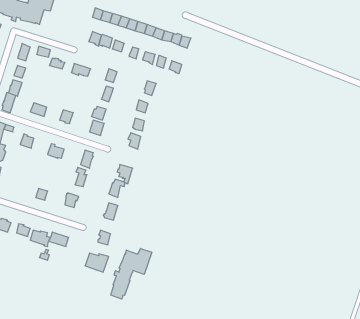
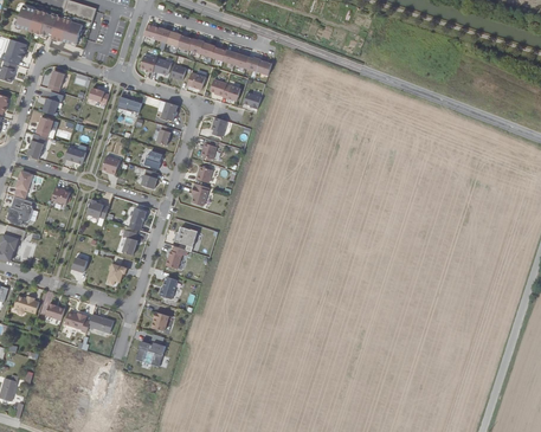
building: [111,248,152,299] -> none

